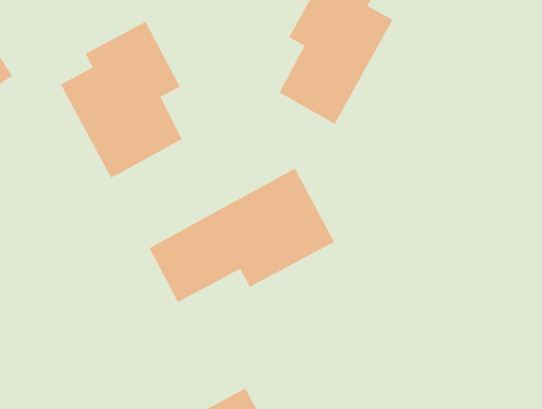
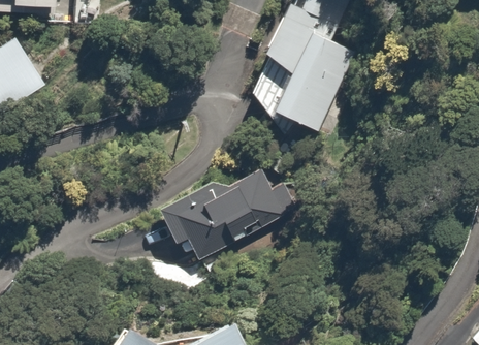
building: [60,21,183,179] -> none

